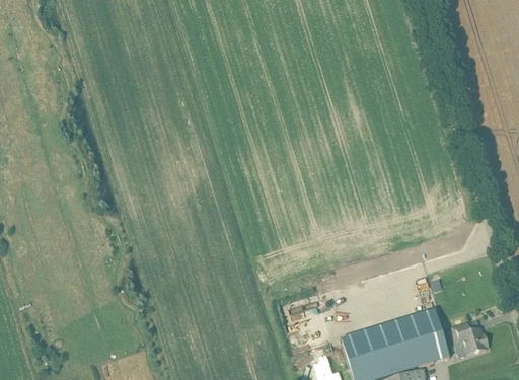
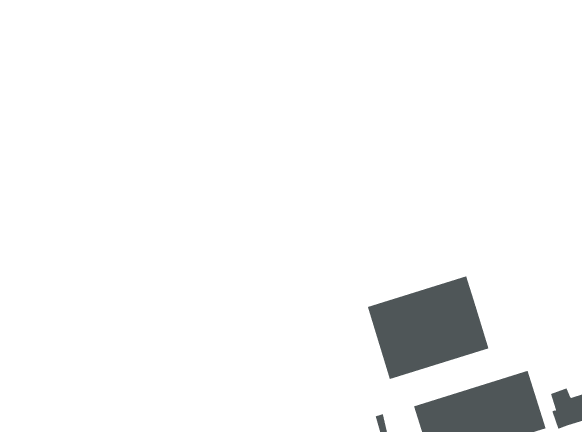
building: none -> [367,276,489,380]

